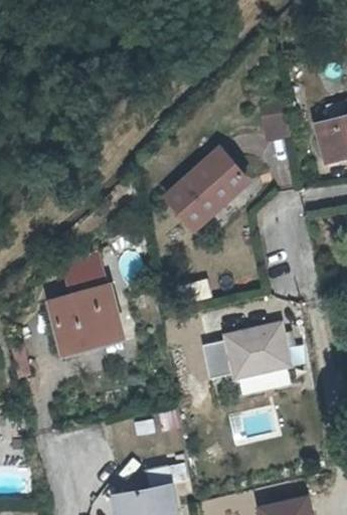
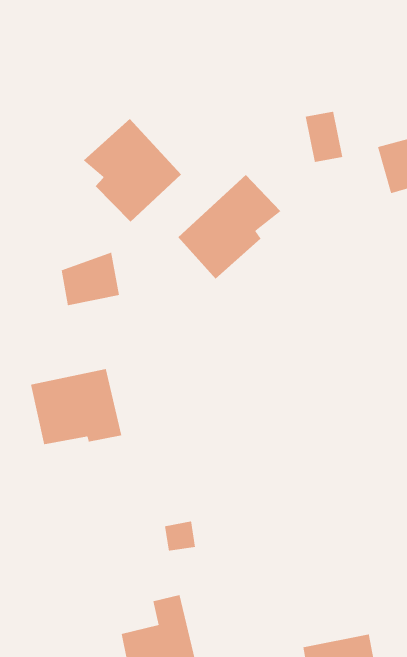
building: none -> [83,118,182,222]
building: [64,260,110,301] -> [61,252,120,306]
building: [204,323,294,393] -> none

